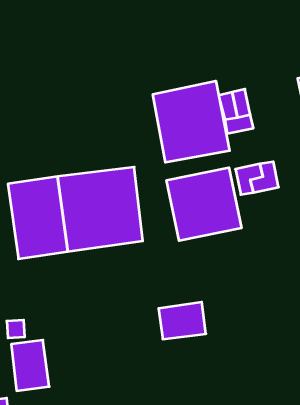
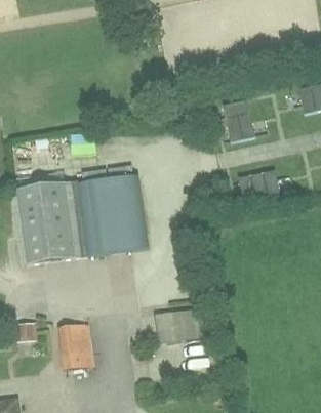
building: [153,81,230,162] -> none
building: [167,168,241,241] -> none
building: [11,340,49,391] -> [56,320,93,369]

